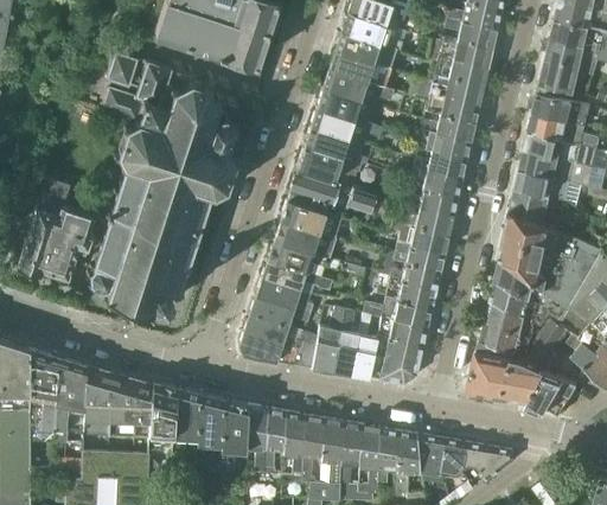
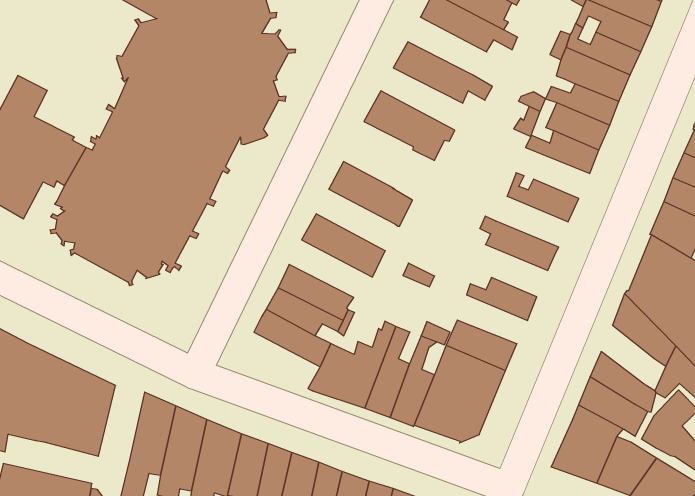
building: [317,89,373,123] -> none
building: [304,128,366,166] -> none
building: [410,168,461,198] -> none
building: [286,170,376,215] -> none
building: [401,205,452,235] -> none
building: [273,222,332,258] -> none
building: [392,242,443,273] -> none
building: [260,261,332,295] -> none
building: [386,280,435,308] -> none
building: [491,283,530,321] -> none
building: [239,332,294,365] -> none
building: [147,383,173,452] -> none

